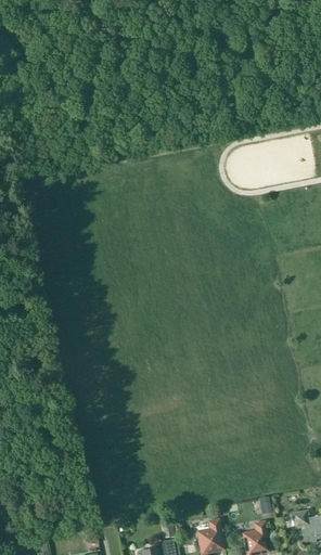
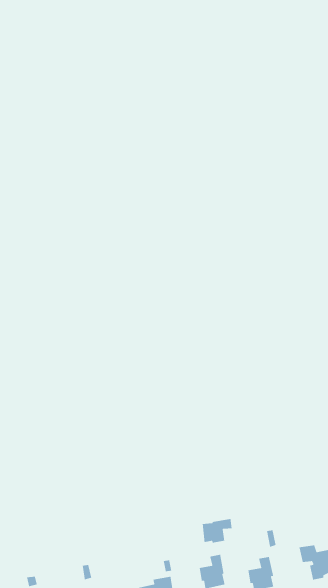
building: none -> [202,518,233,544]

